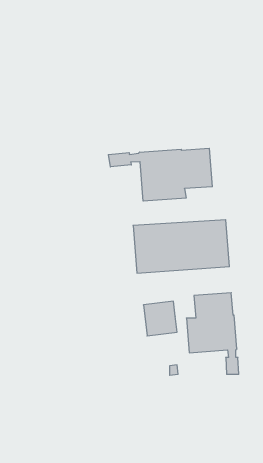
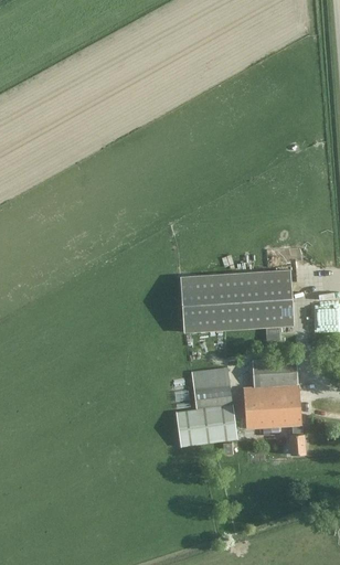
building: [108,148,212,201] -> none
building: none -> [176,405,235,446]

